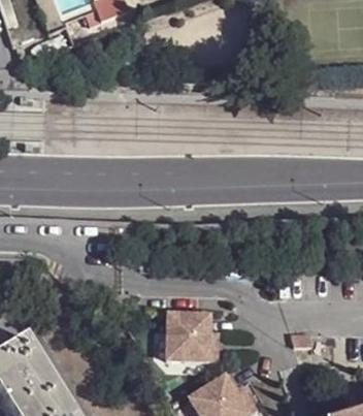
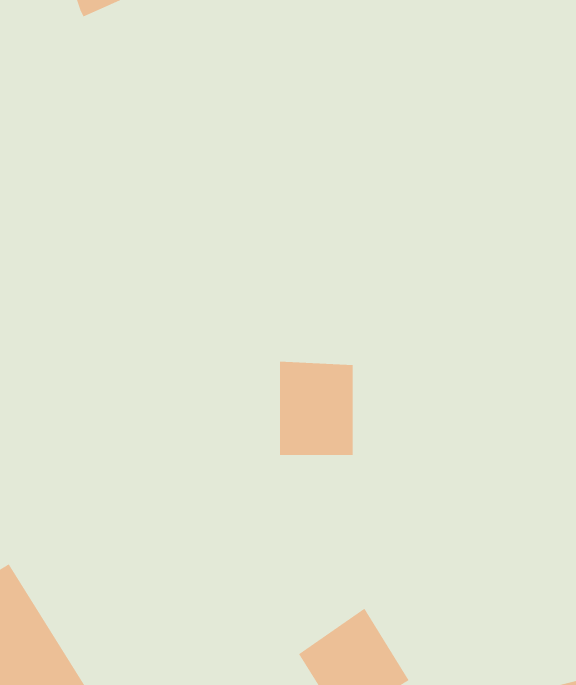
building: [172,306,213,358] -> [279,361,353,456]

